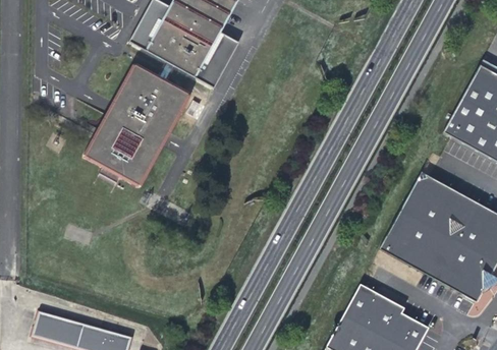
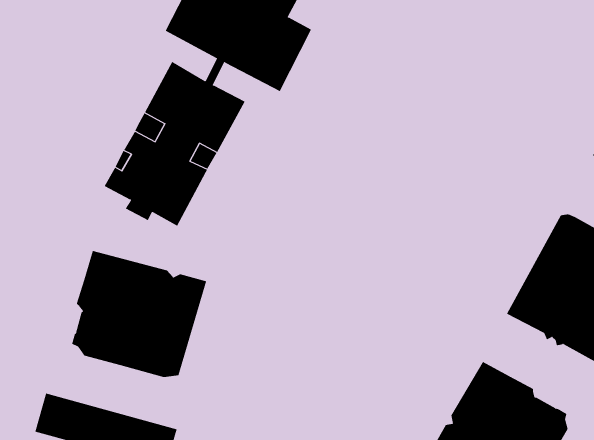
building: none -> [72,250,207,378]

